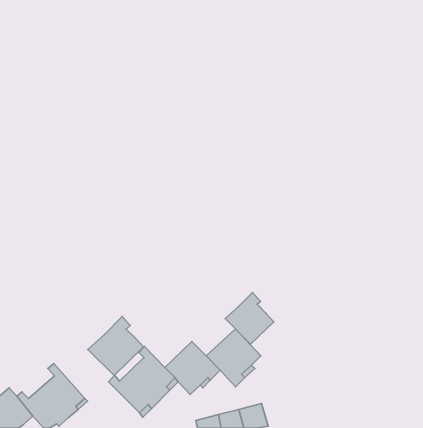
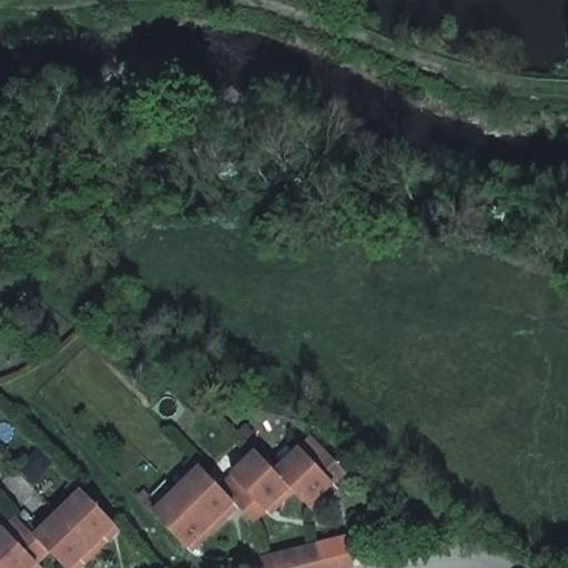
building: [225,293,274,344] -> none
building: [88,317,143,375] -> none

